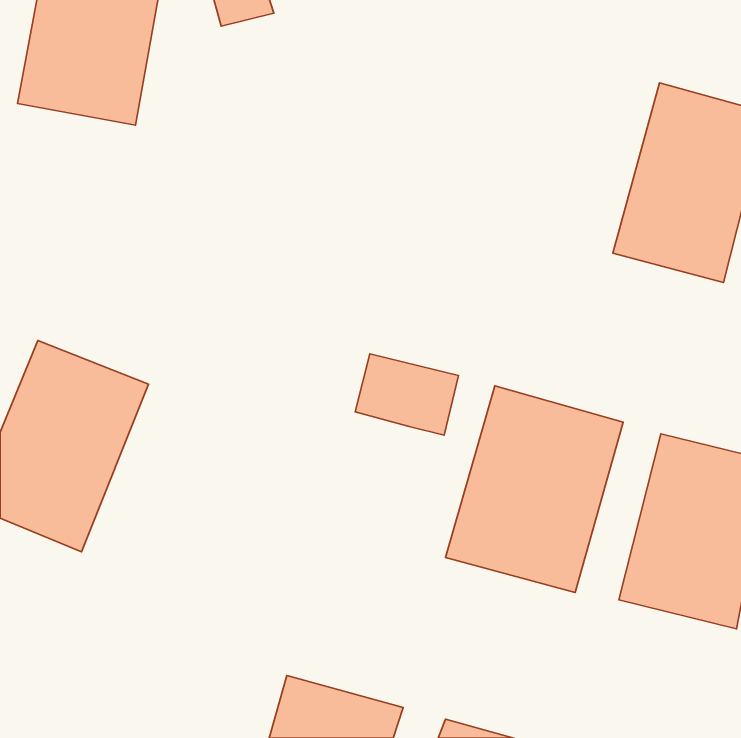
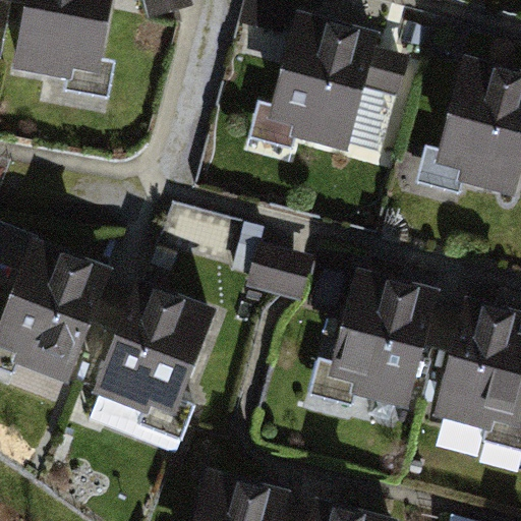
building: none -> [264,14,411,154]
building: none -> [92,282,217,422]

